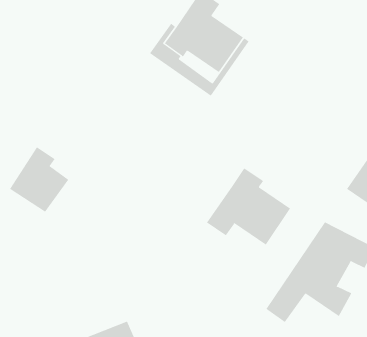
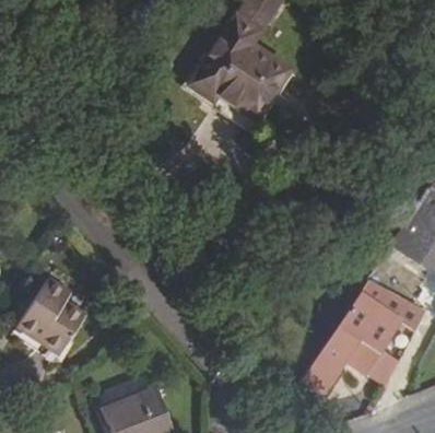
building: [9,146,69,212] -> [15,282,82,355]
building: [206,168,291,245] -> none

